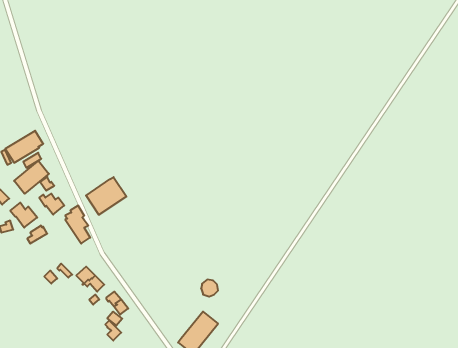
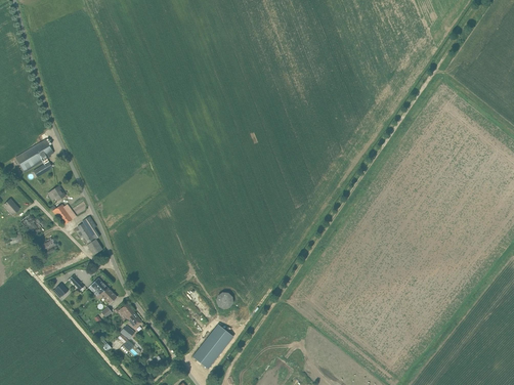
building: [14,161,49,194] -> none
building: [86,177,126,215] -> none

